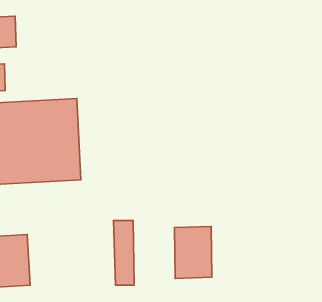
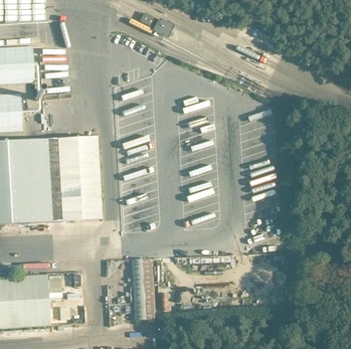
building: [174,226,212,278] -> none

